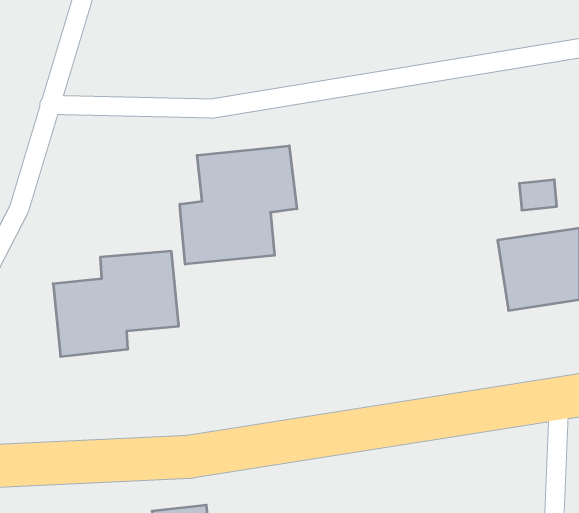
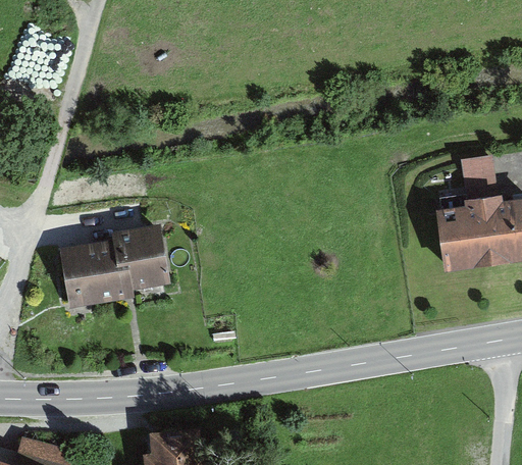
building: [180,146,297,264] -> none

